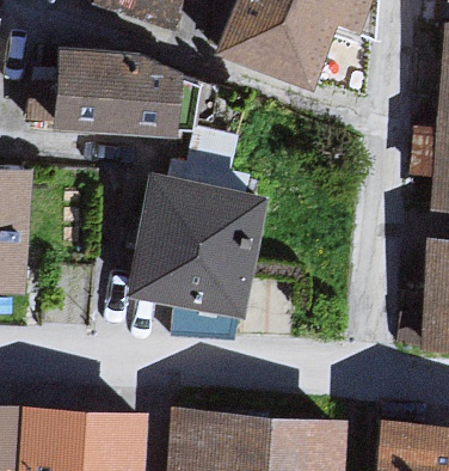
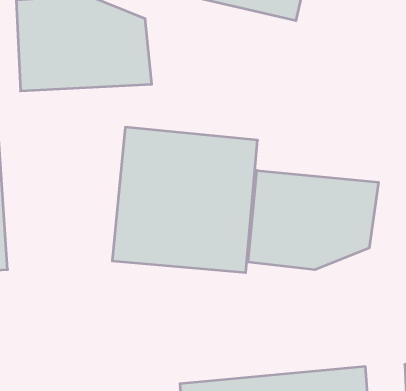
building: none -> [248,170,378,270]

